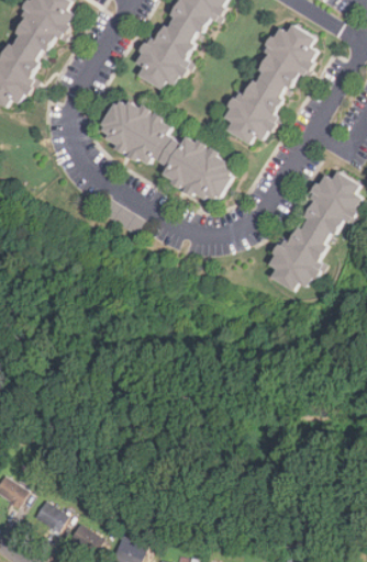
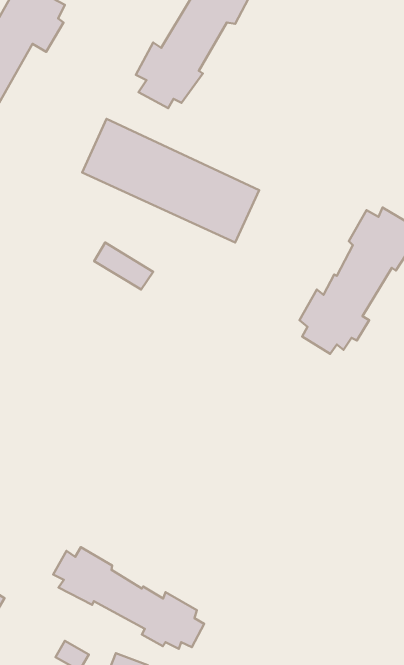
building: [223,23,316,144] -> none
building: none -> [53,547,204,649]
building: [32,501,66,533] -> none

